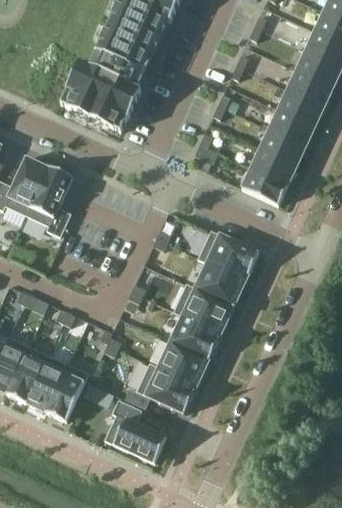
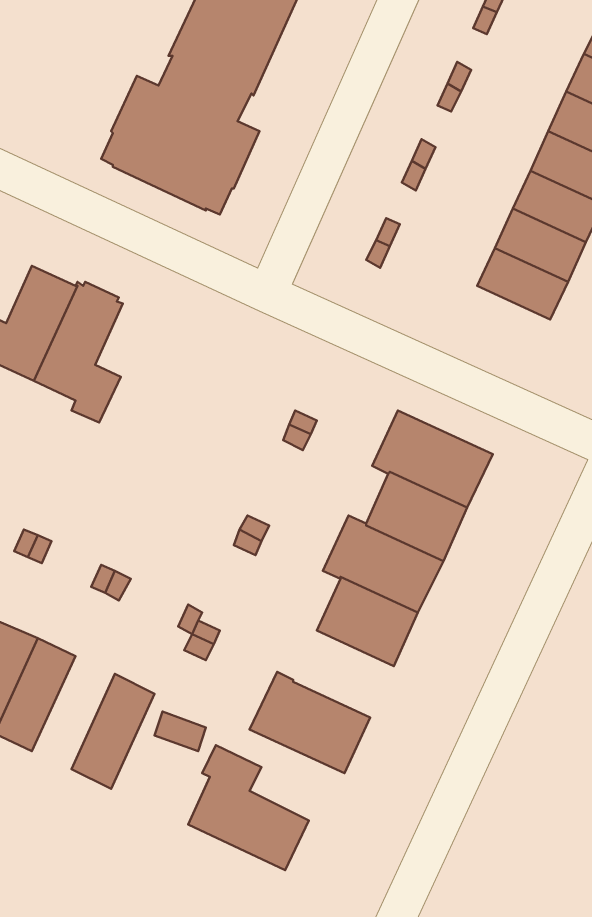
building: [241,167,288,205] -> none
building: [158,341,209,385] -> none
building: [26,354,68,411] -> none

